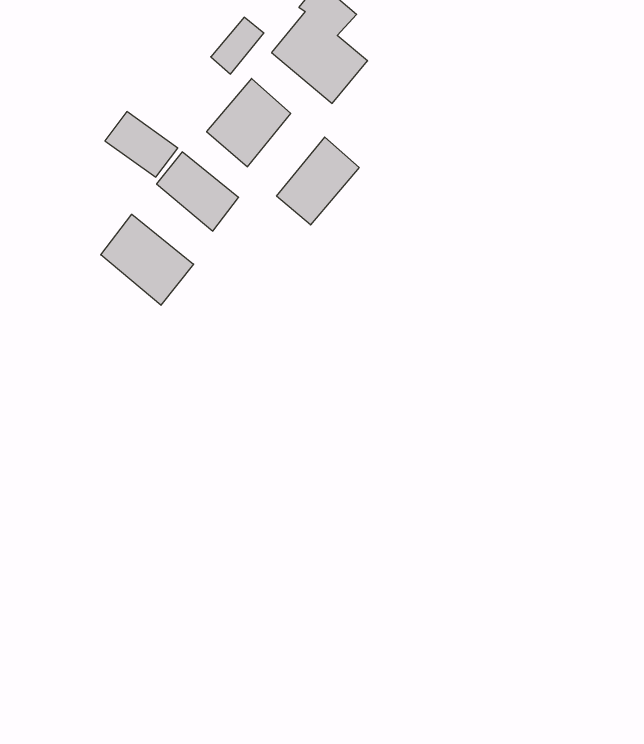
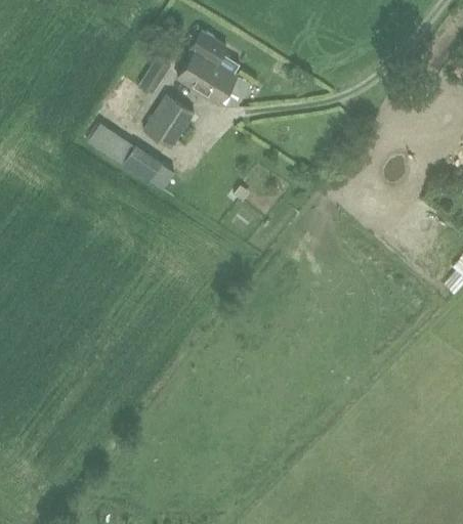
building: [277,137,359,225] -> none
building: [101,214,194,305] -> none

